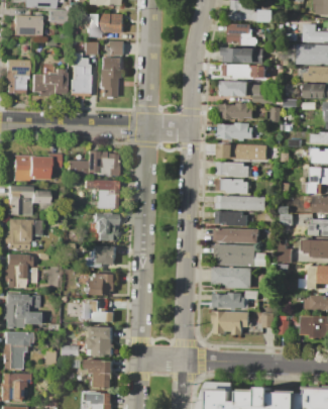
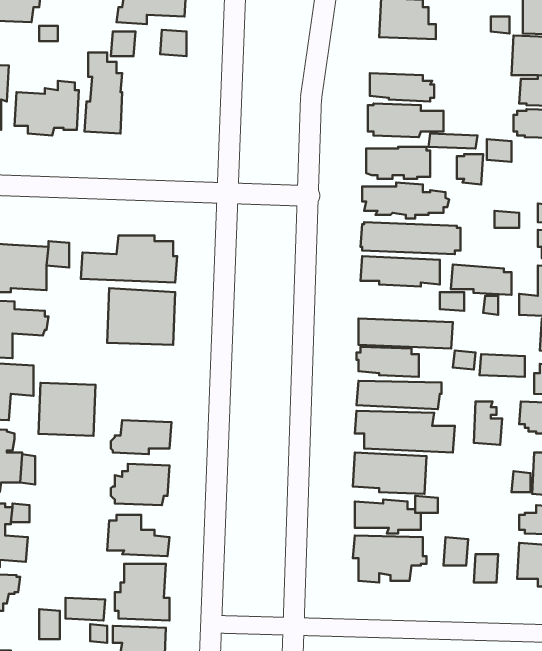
building: [223,46,264,64] -> none
building: [100,57,122,98] -> none
building: [217,178,249,194] -> [451,265,511,295]
building: [87,212,117,240] -> [39,383,95,436]

